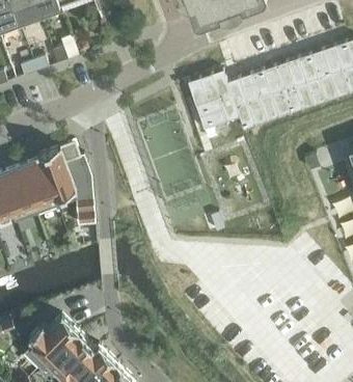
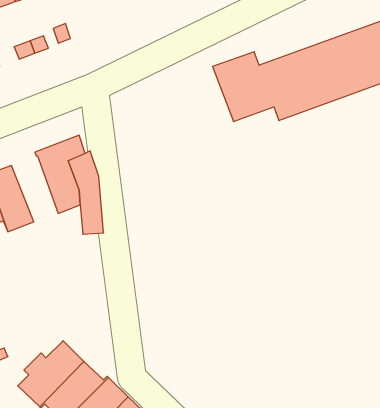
building: [18,159,57,215] -> none

